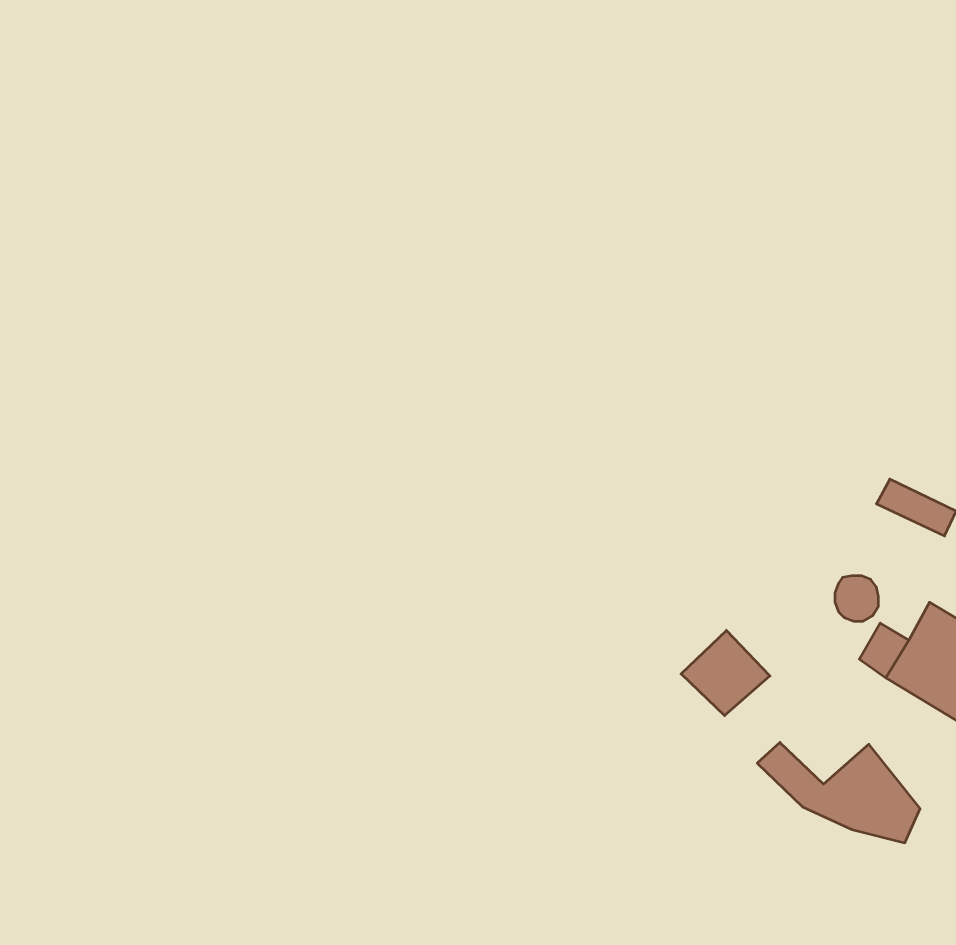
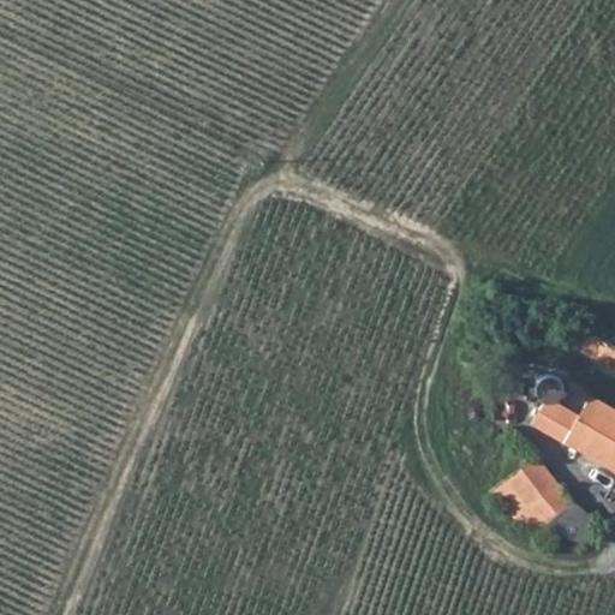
building: [681,630,770,716] -> [502,458,559,512]

